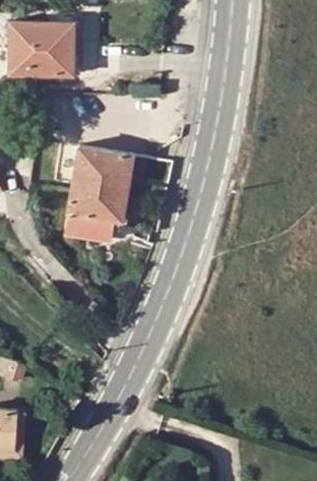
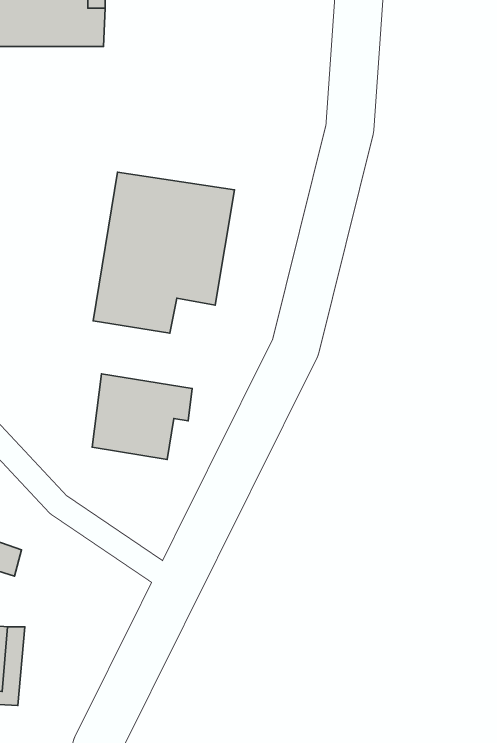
building: none -> [92,374,192,459]

